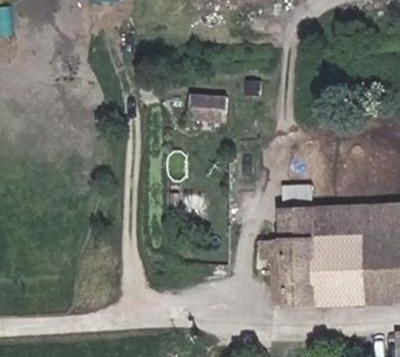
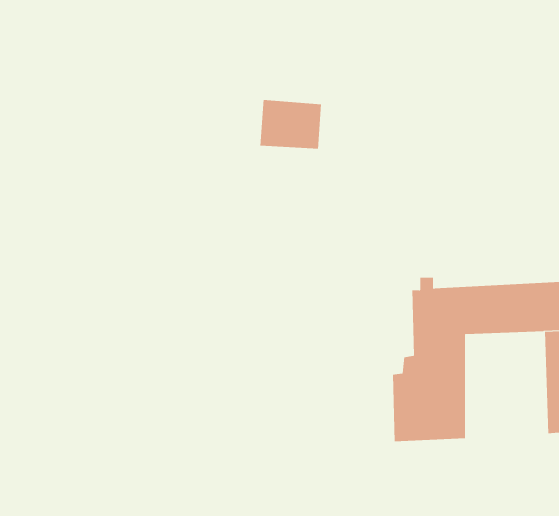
building: [326,237,377,304] -> none

